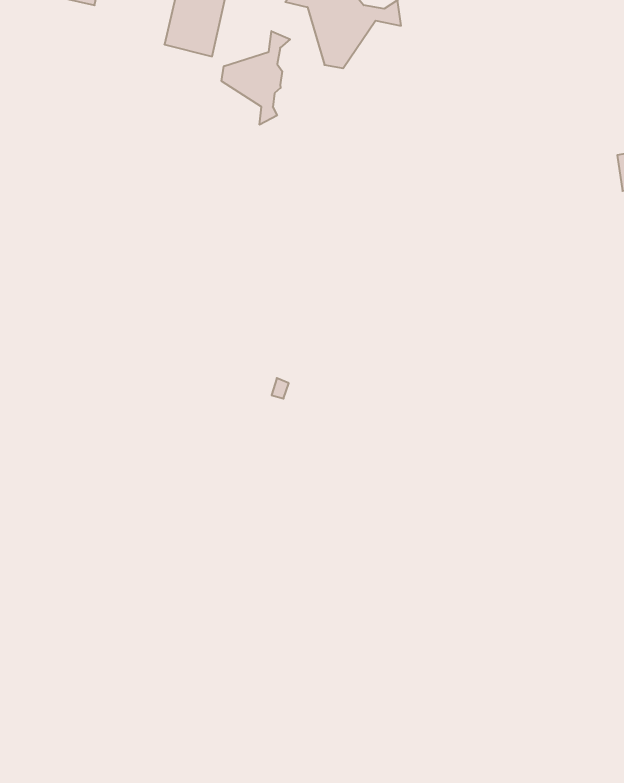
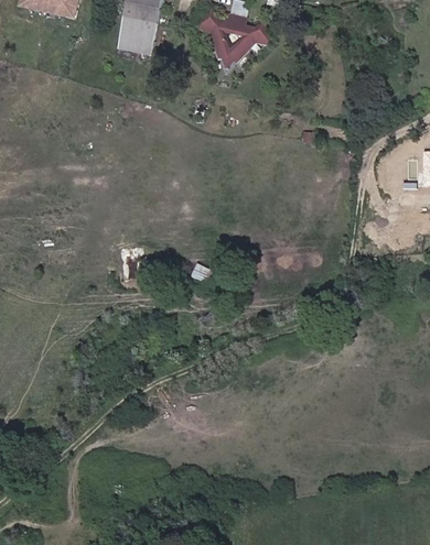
building: [222,31,290,125] -> none

